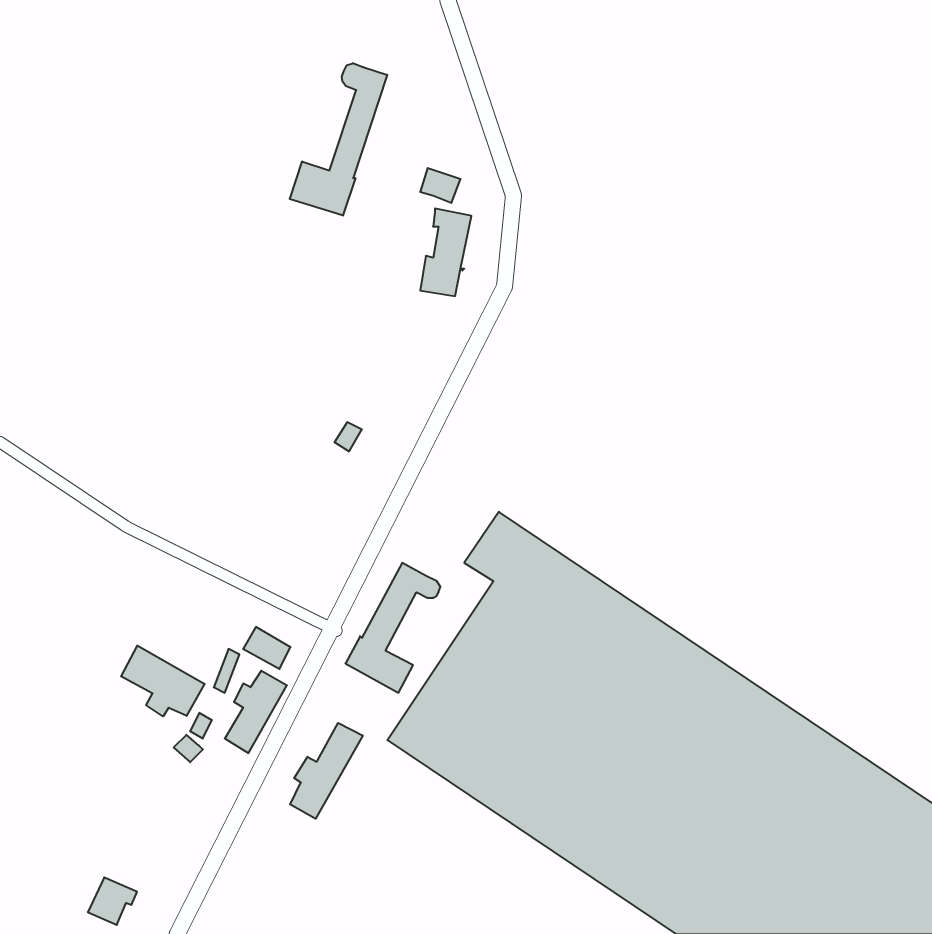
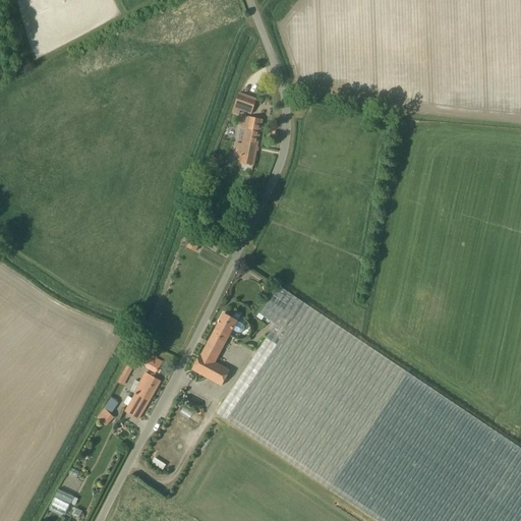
building: [290,63,387,216] -> none
building: [121,646,205,716] -> none
building: [290,723,363,819] -> none

